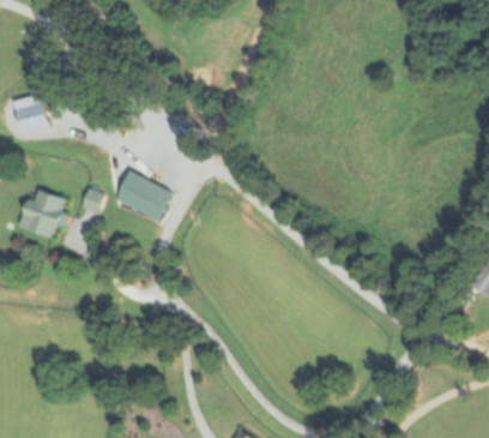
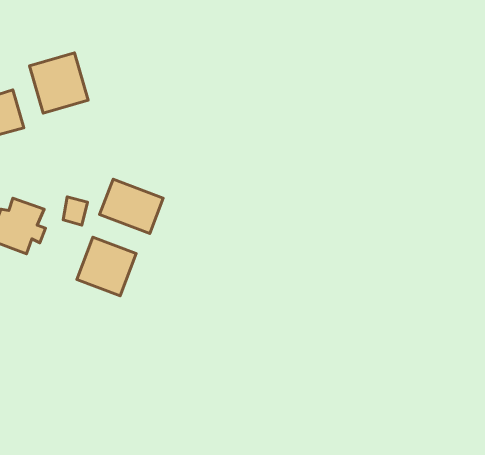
building: none -> [30,53,88,113]
building: none -> [77,237,136,296]

